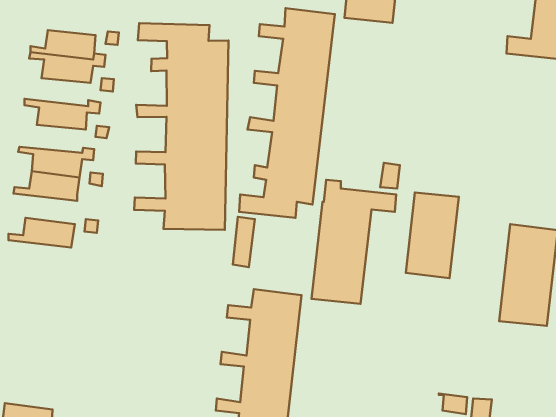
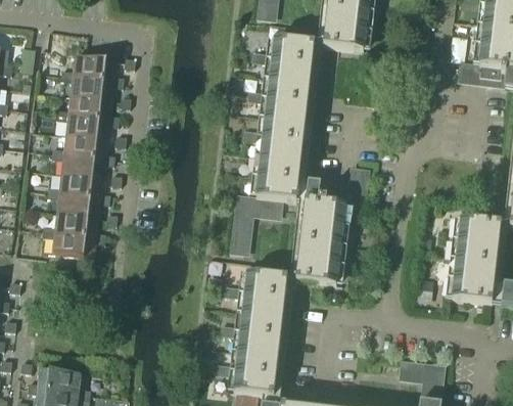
building: [134,23,228,230] -> none
building: none -> [55,95,110,119]
building: none -> [51,134,106,157]
building: [406,193,459,278] -> none
building: none -> [46,191,109,217]
building: none -> [41,230,104,257]

